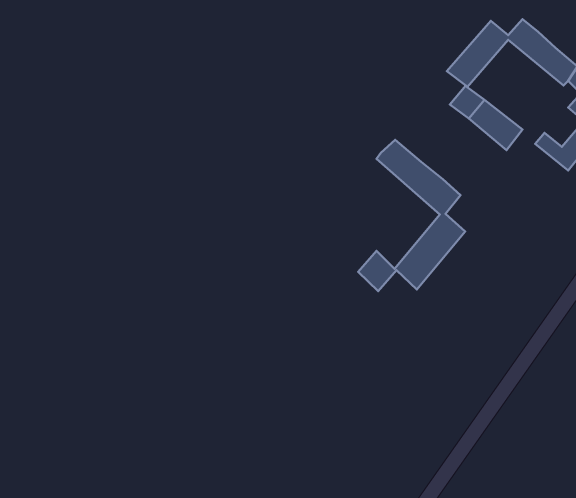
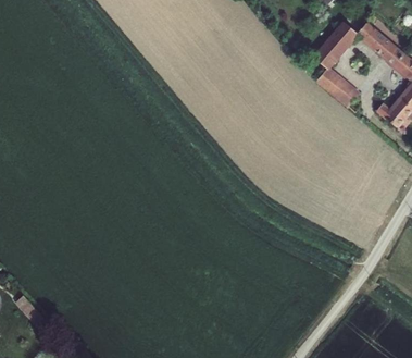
building: [358,140,465,291] -> none

